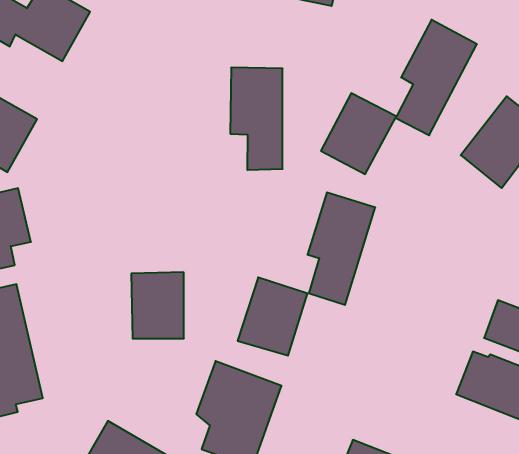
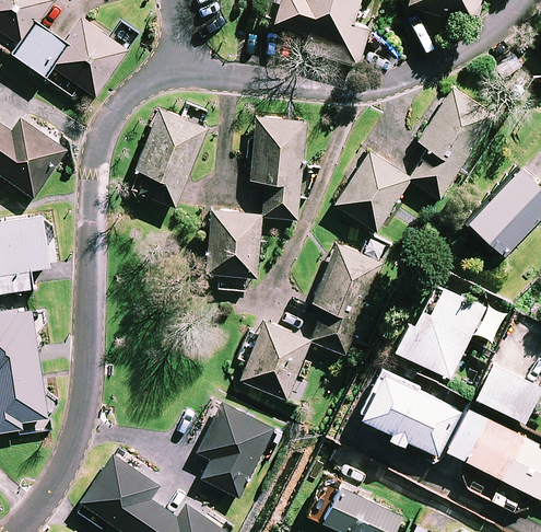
building: none -> [136,111,205,207]
building: none -> [393,284,492,379]
building: [131,272,184,339] -> [207,211,261,278]
building: none -> [355,369,462,458]

